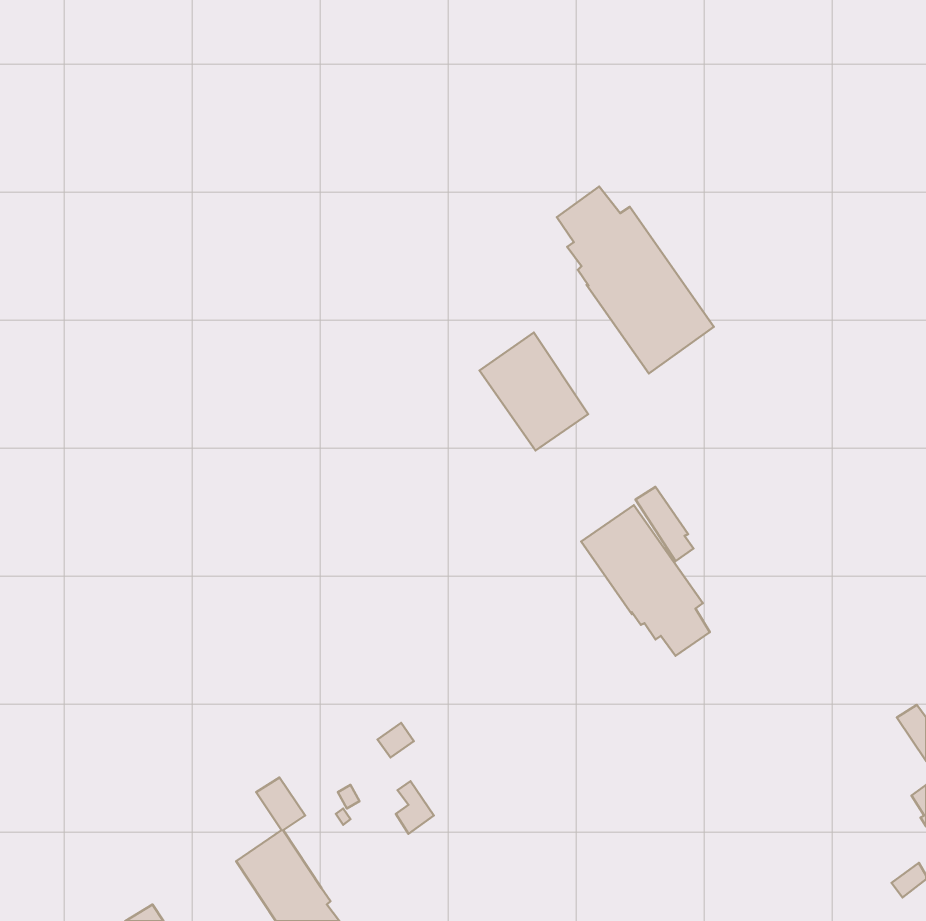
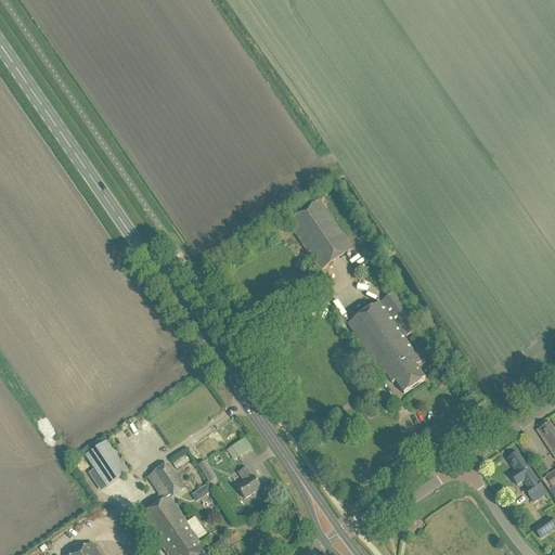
building: [557,187,714,373] -> none
building: none -> [83,438,128,485]
building: none -> [506,451,542,495]

